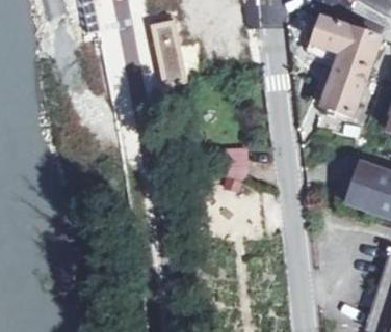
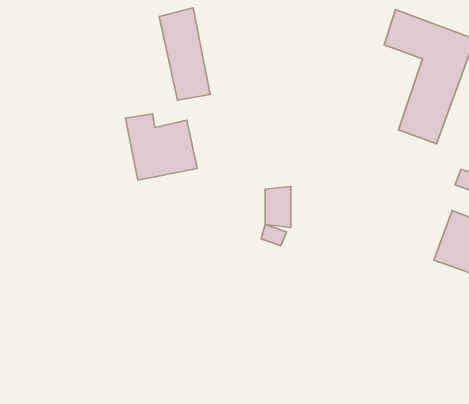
building: none -> [126,114,197,180]

